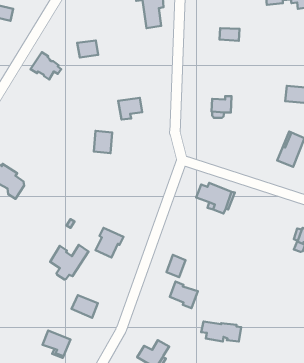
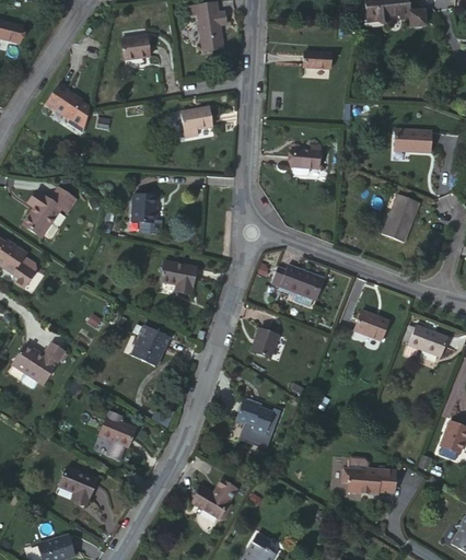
building: [77,41,98,57] -> [121,36,150,59]
building: [118,98,142,119] -> [180,106,213,136]
building: none -> [24,187,81,236]
building: none -> [161,260,196,293]
building: none -> [352,311,387,340]
building: [50,245,88,279] -> [12,340,65,387]
building: [166,255,186,277] -> [252,327,278,358]
building: [201,322,241,342] -> [342,467,397,494]

